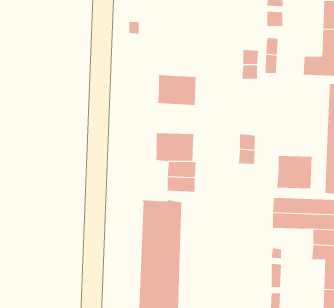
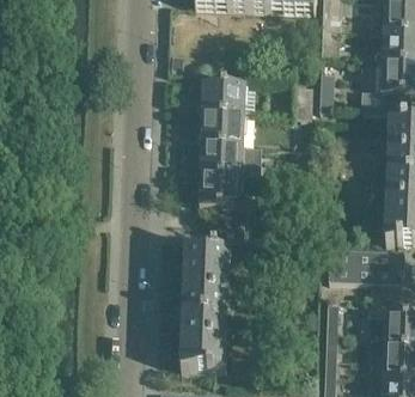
building: none -> [200,80,245,114]
building: none -> [197,142,243,176]
building: [275,155,312,189] -> none

